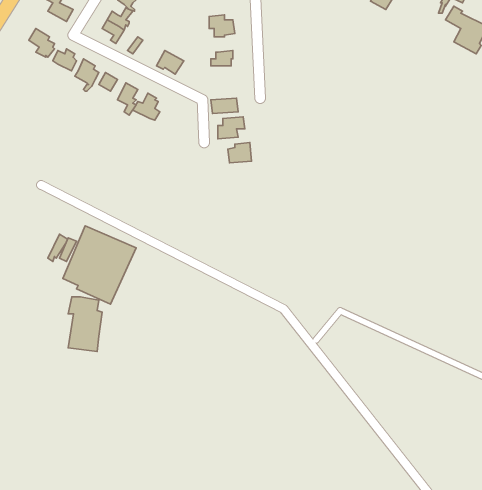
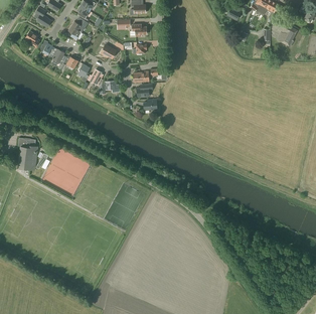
building: [68,297,102,351] -> [17,137,37,169]

